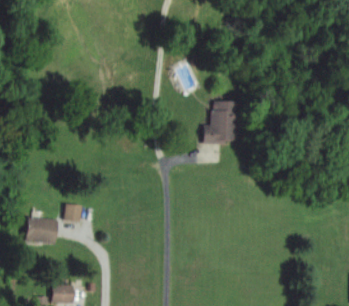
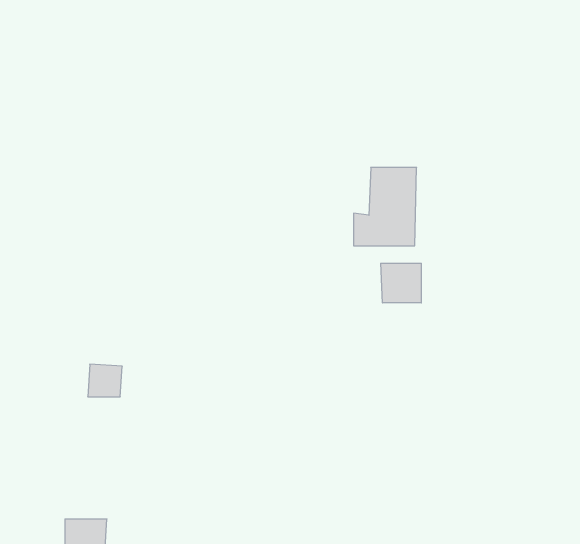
building: none -> [381,263,421,303]
building: [27,218,57,242] -> none

